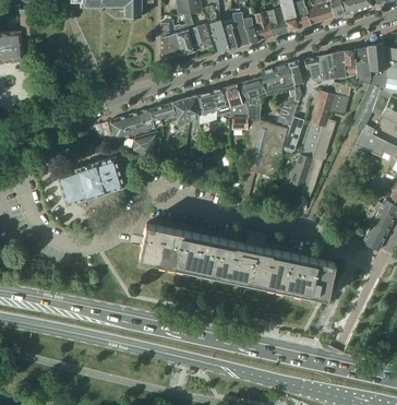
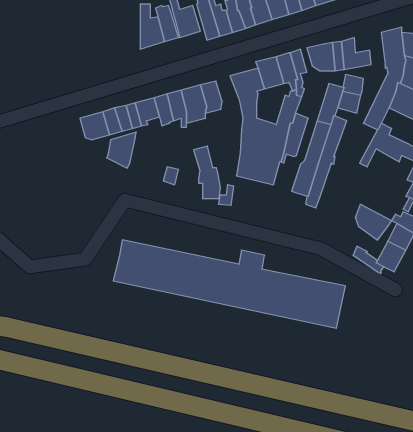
building: [342,47,371,84] -> none
building: [225,85,248,130] -> [194,146,220,199]
building: [57,157,123,205] -> none
building: none -> [356,204,392,240]

